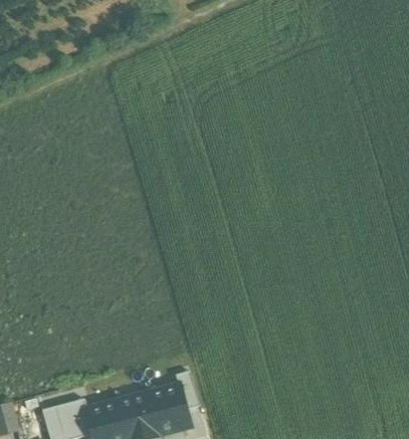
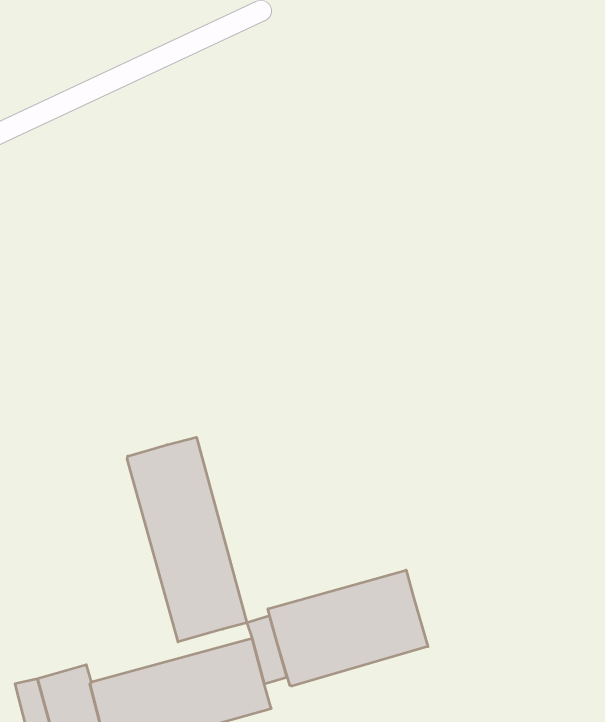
building: none -> [127,437,247,642]
building: none -> [268,570,428,686]

